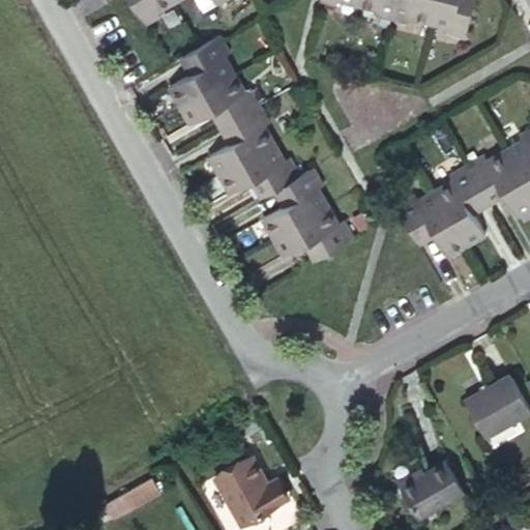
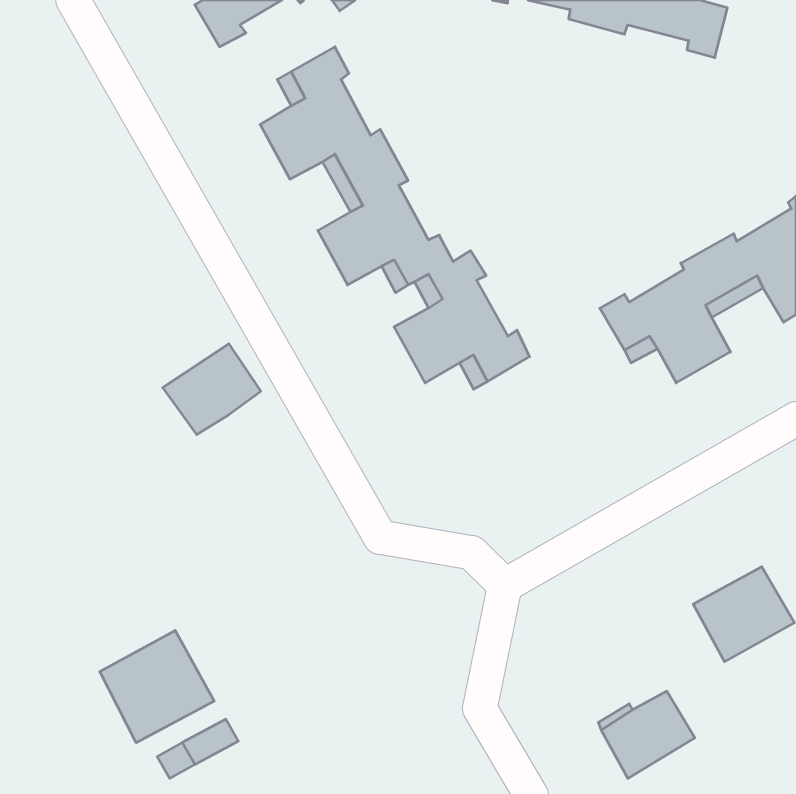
building: none -> [163,344,261,435]
building: none -> [100,630,214,743]
building: [211,454,284,524] -> none

